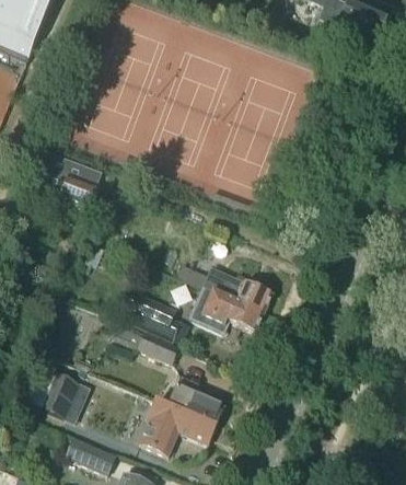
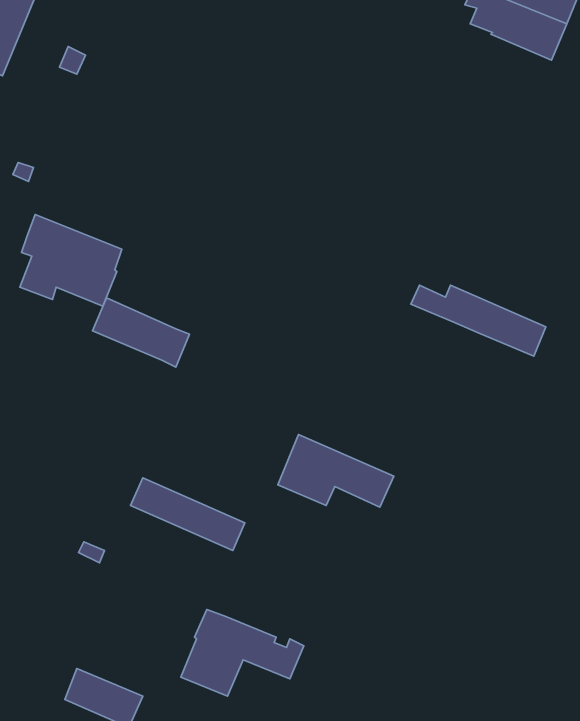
building: [186,266,271,311] -> [411,285,546,356]
building: [119,296,181,339] -> [93,298,190,367]
building: [38,370,78,416] -> none
building: [166,379,223,424] -> none

